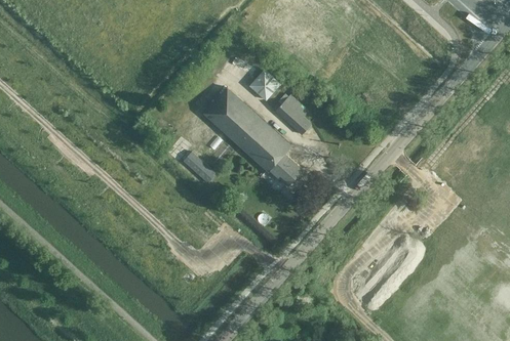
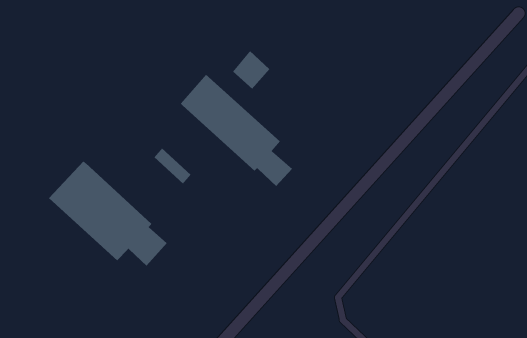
building: [277,96,312,137] -> none
building: none -> [48,161,168,267]

